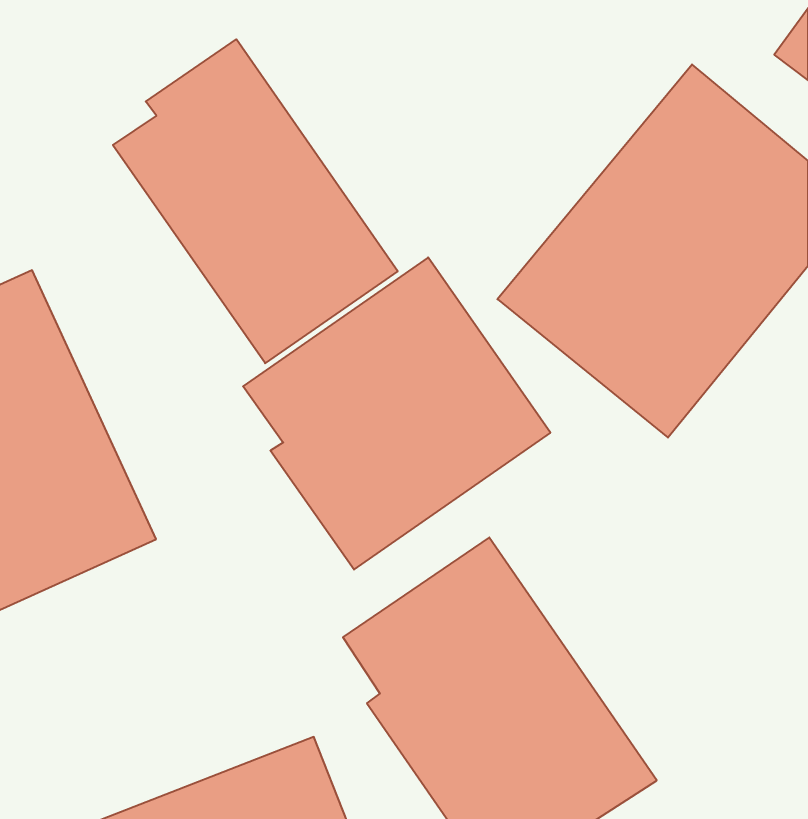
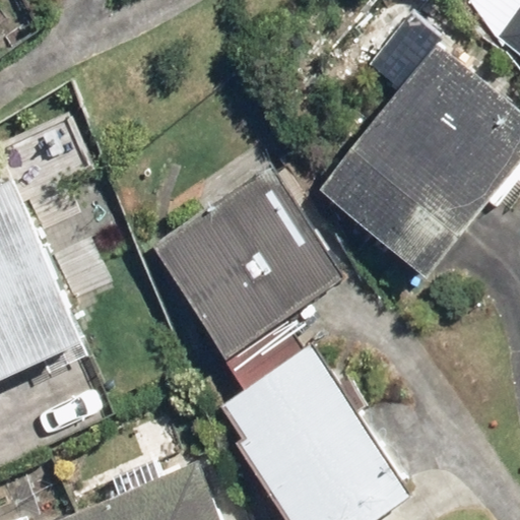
building: [113,39,398,363] -> none

